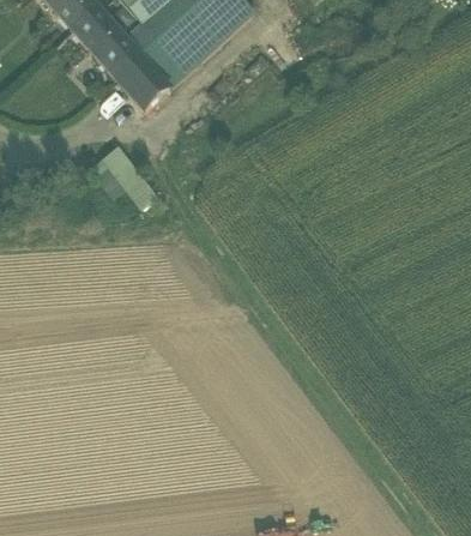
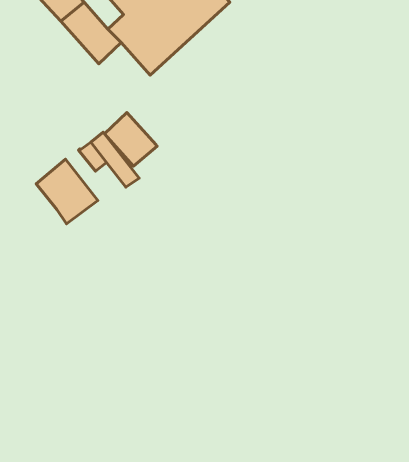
building: [114,53,170,110] -> [105,112,157,166]
building: none -> [36,159,98,224]

